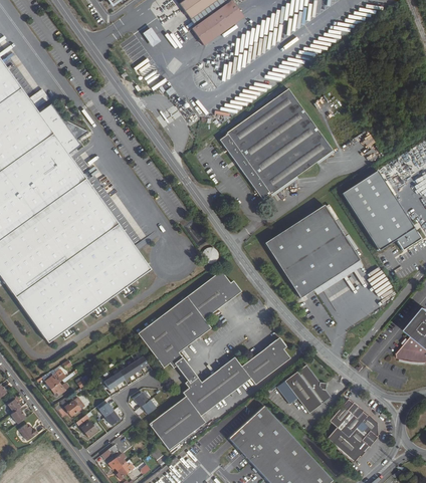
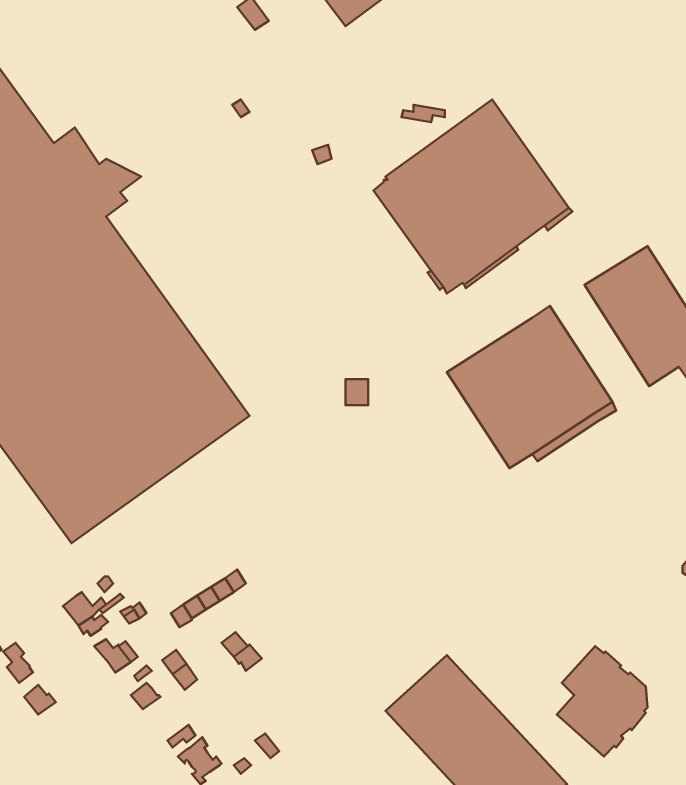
building: [138,271,289,448] -> none
building: [284,365,332,414] -> none

